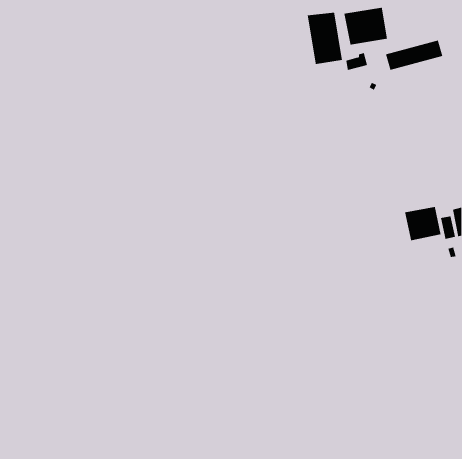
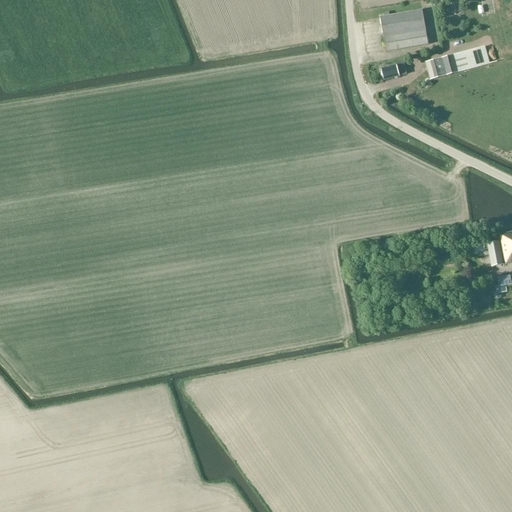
building: [307,12,343,65] -> none
building: [405,206,441,241] -> none

